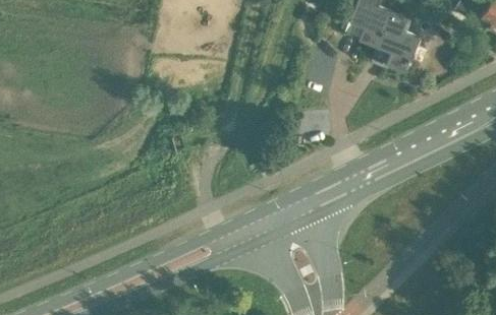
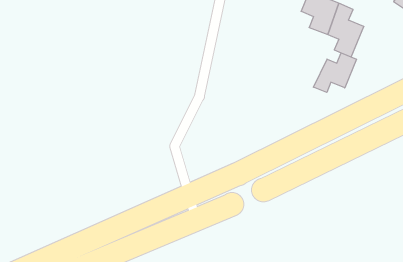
building: none -> [313,53,357,92]

